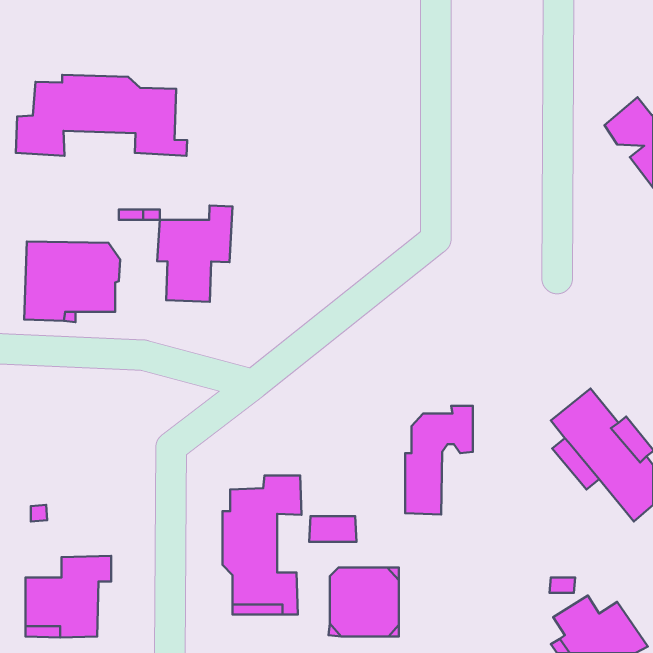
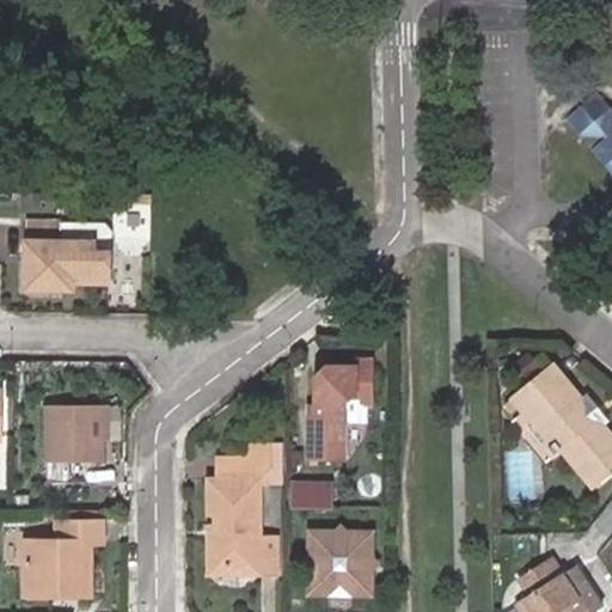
building: [16,75,187,156] -> none
building: [157,206,232,302] -> none
building: [405,406,473,514] -> [310,360,373,461]
building: none -> [47,405,104,479]

